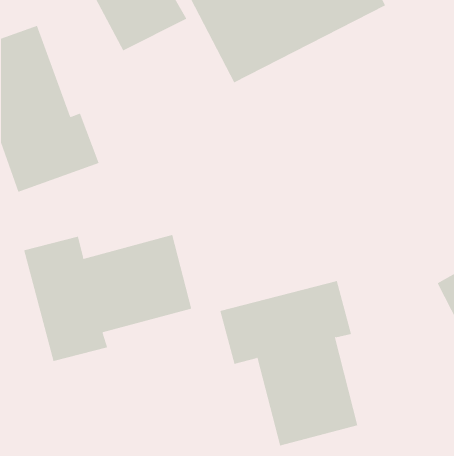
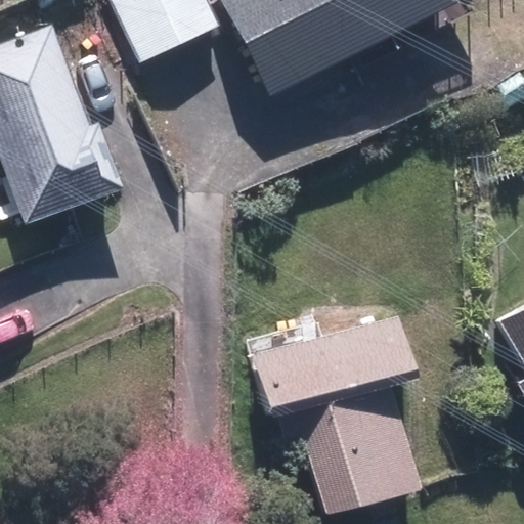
building: [24,234,192,362] -> none

